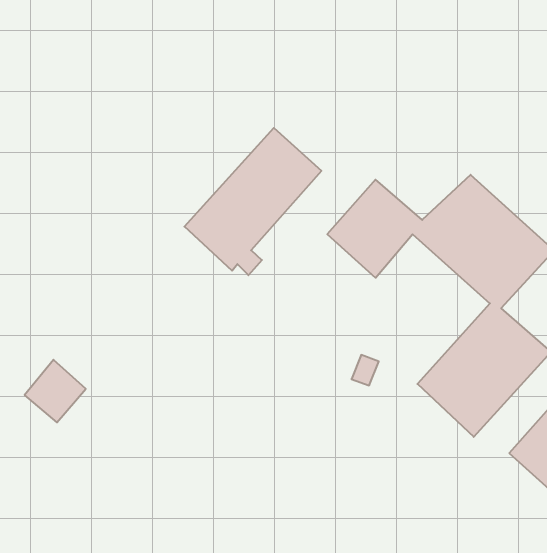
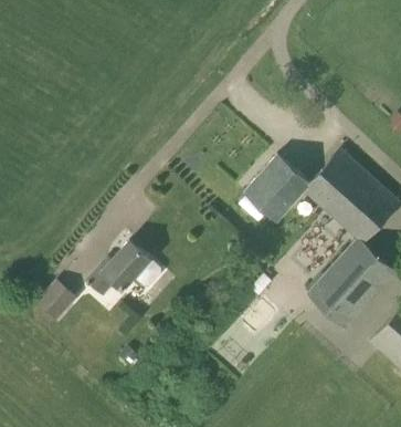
building: [184,128,321,275] -> none
building: none -> [86,240,161,294]

